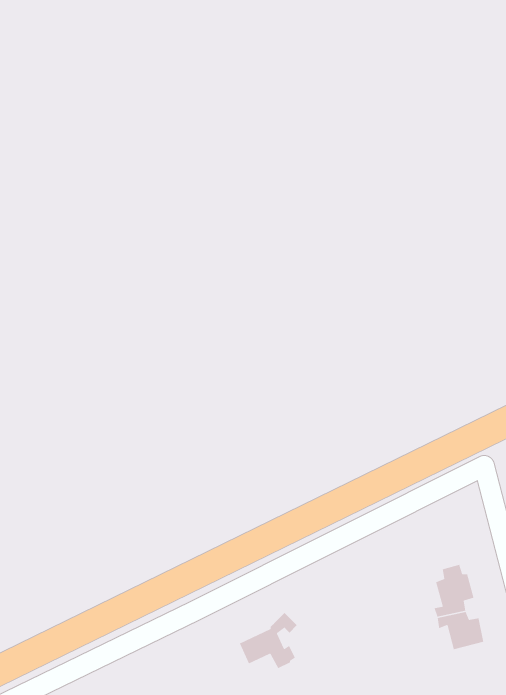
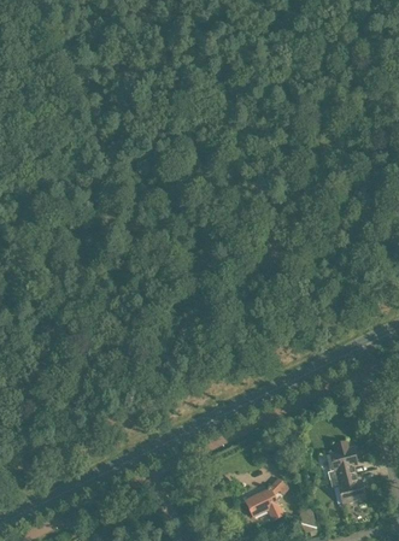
building: [239,612,298,669] -> [245,478,288,521]

